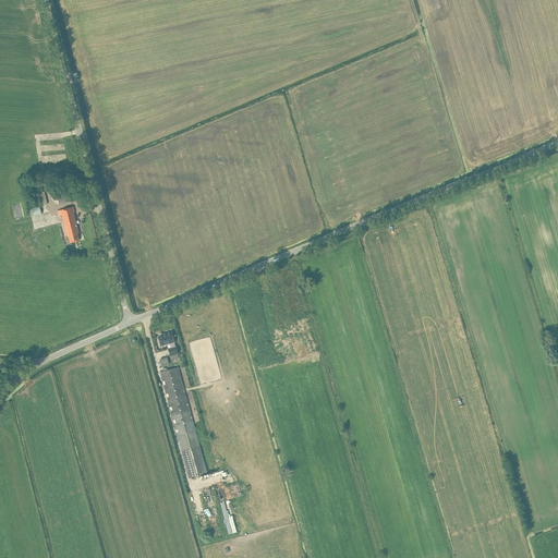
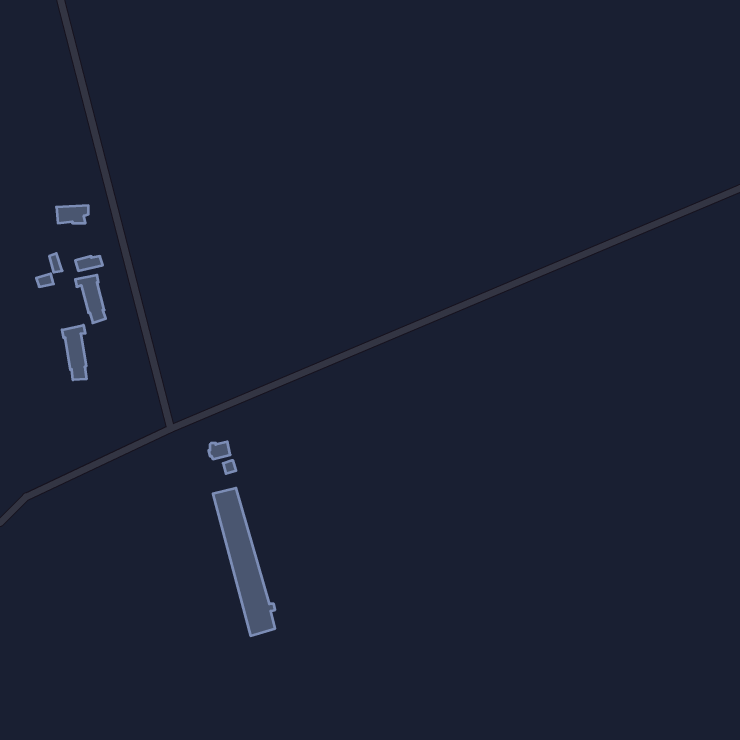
building: none -> [62,325,86,380]

